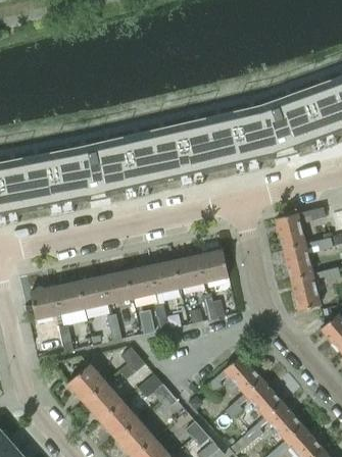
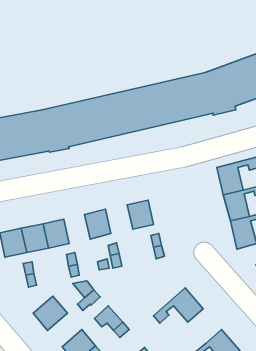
building: [198,249,229,282] -> none
building: [150,259,181,292] -> none
building: [103,270,133,303] -> none
building: [226,376,281,415] -> none
building: [85,382,124,419] -> none

